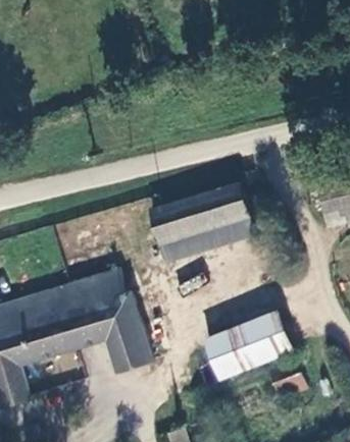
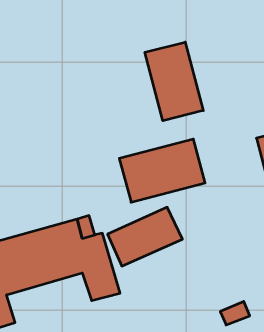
building: none -> [145,42,203,121]
building: [199,312,290,383] -> [108,207,182,266]

